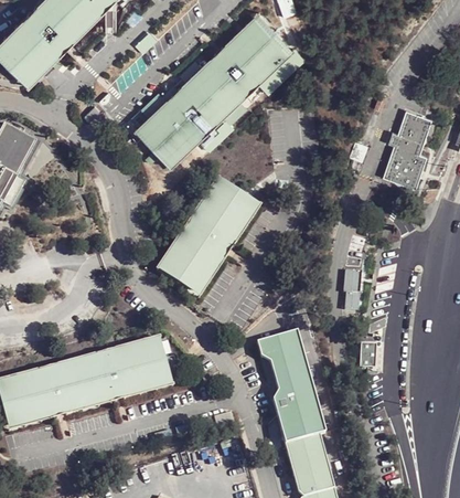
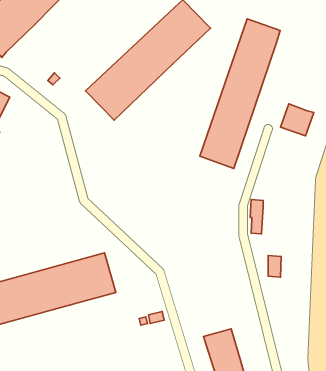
building: none -> [200,19,280,168]
building: [388,109,429,155] -> none
building: [154,177,259,299] -> none
building: [255,331,325,444] -> none

